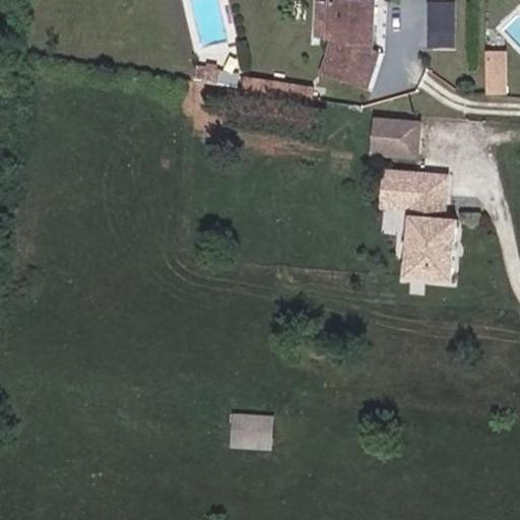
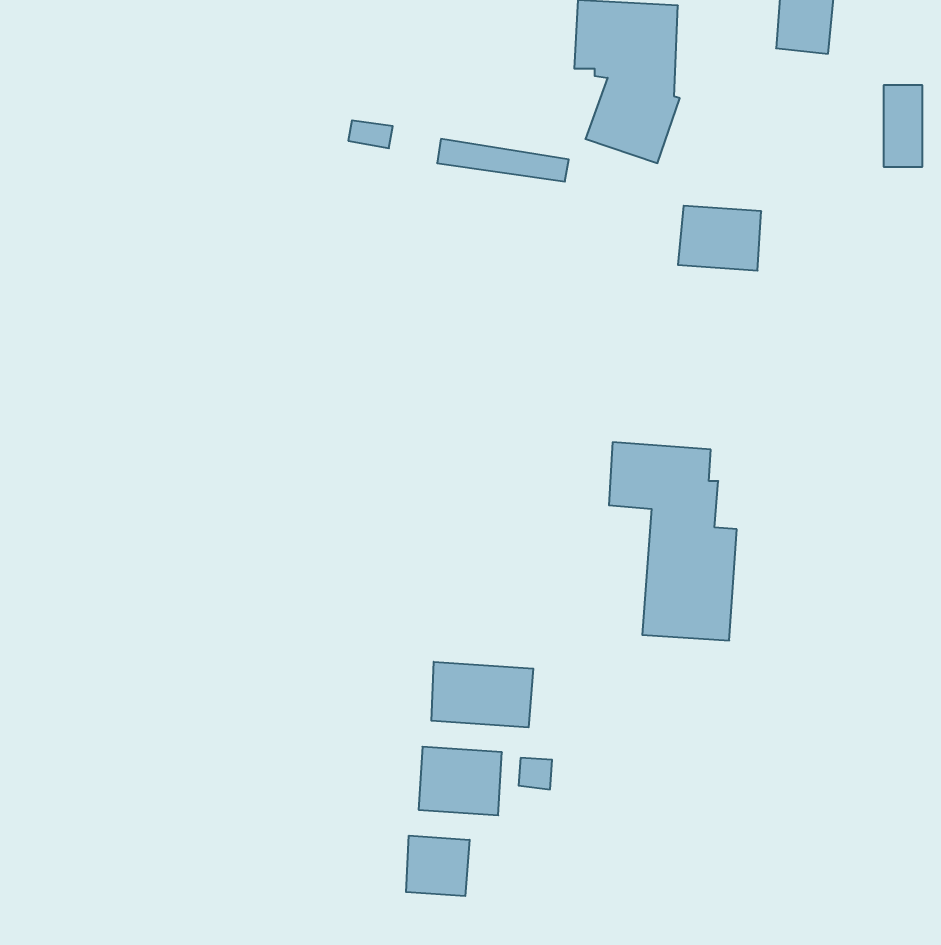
building: [384,173,454,281] -> [609,442,737,640]
building: none -> [431,662,533,727]
building: none -> [406,836,470,896]

